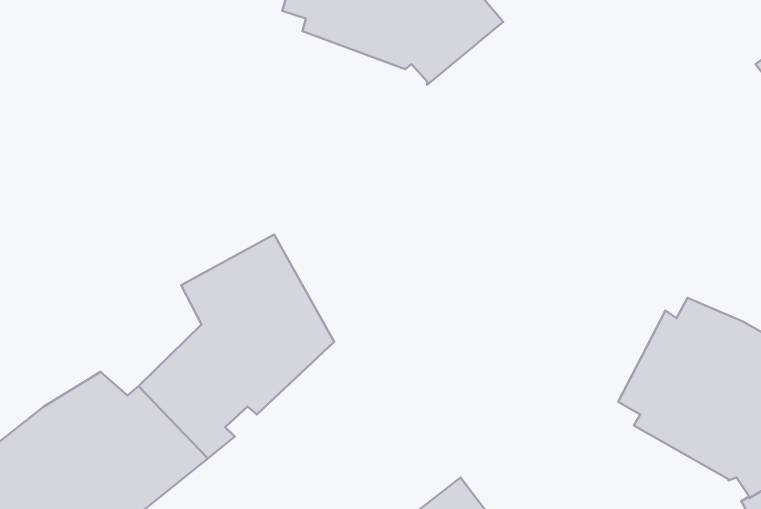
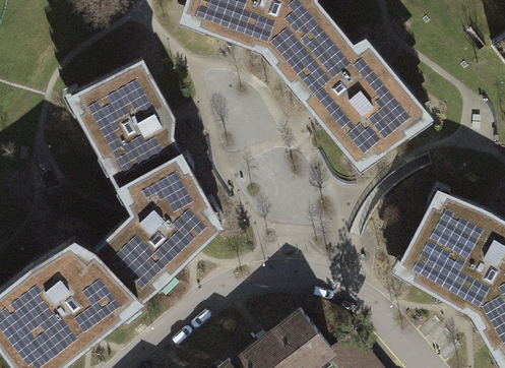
building: none -> [274,18,422,160]
building: none -> [78,61,181,188]

